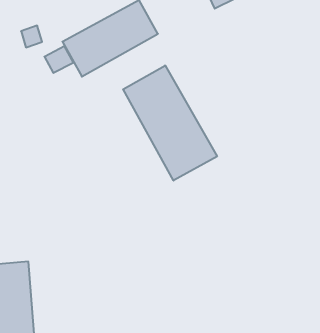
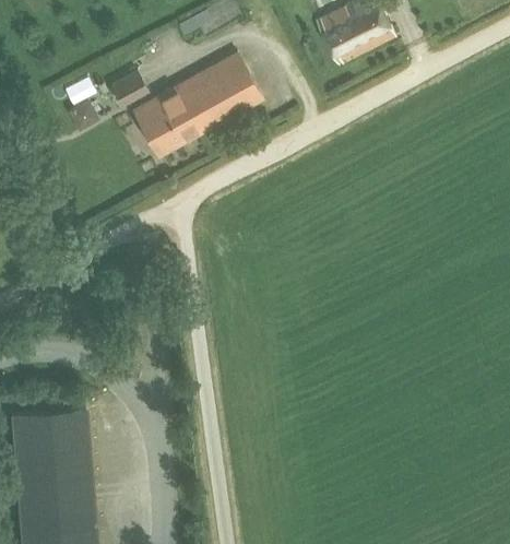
building: [44,46,73,73] -> [109,70,149,106]
building: [123,65,217,181] -> none

